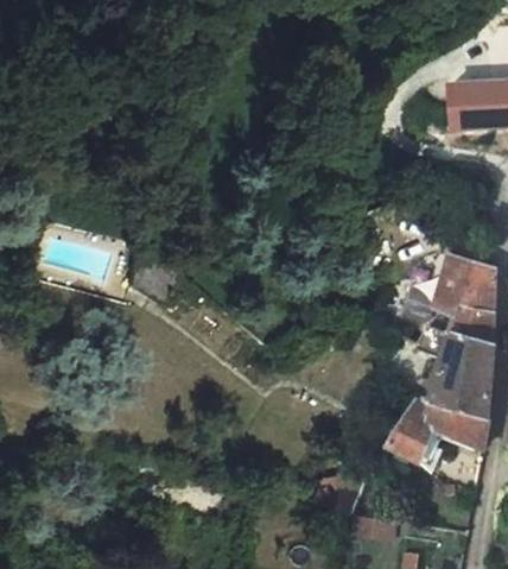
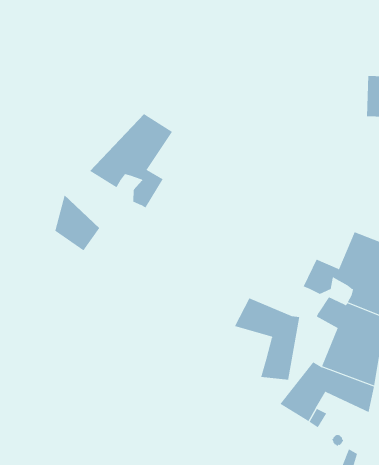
building: none -> [89,114,173,208]
building: none -> [234,297,300,381]

